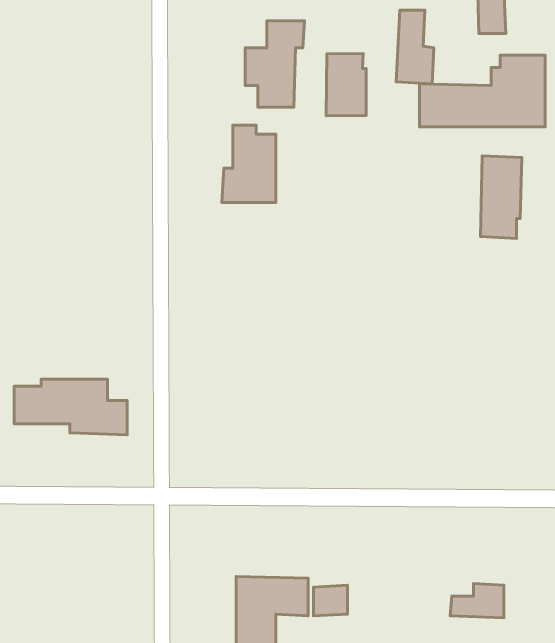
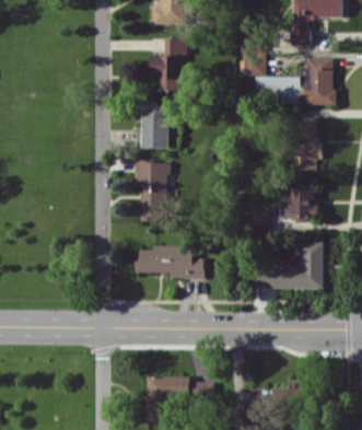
building: [326,53,366,116] -> none
building: none -> [137,161,168,221]
building: none -> [283,187,319,220]
building: none -> [255,243,323,289]
building: [14,379,127,435] -> [136,245,205,279]

